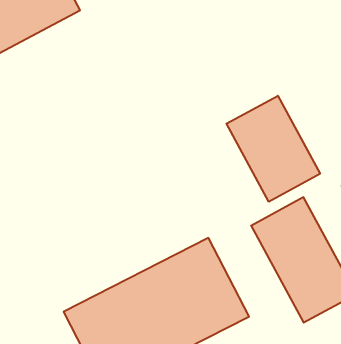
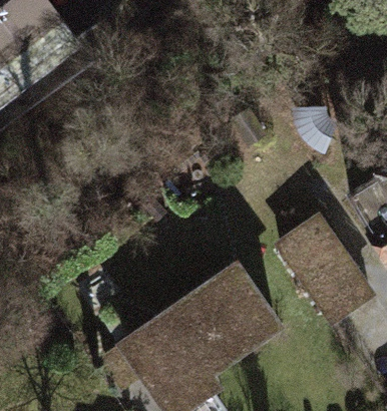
building: [226,96,320,202] -> none

